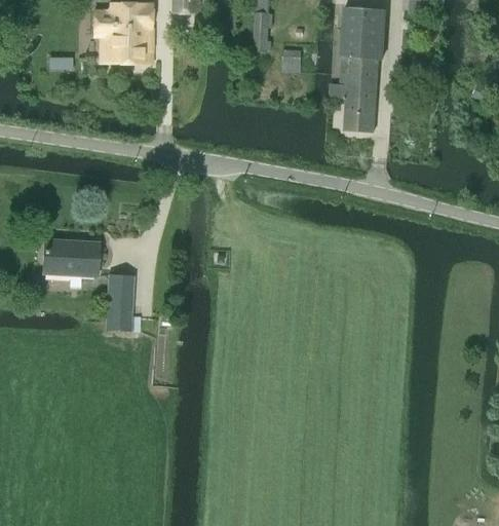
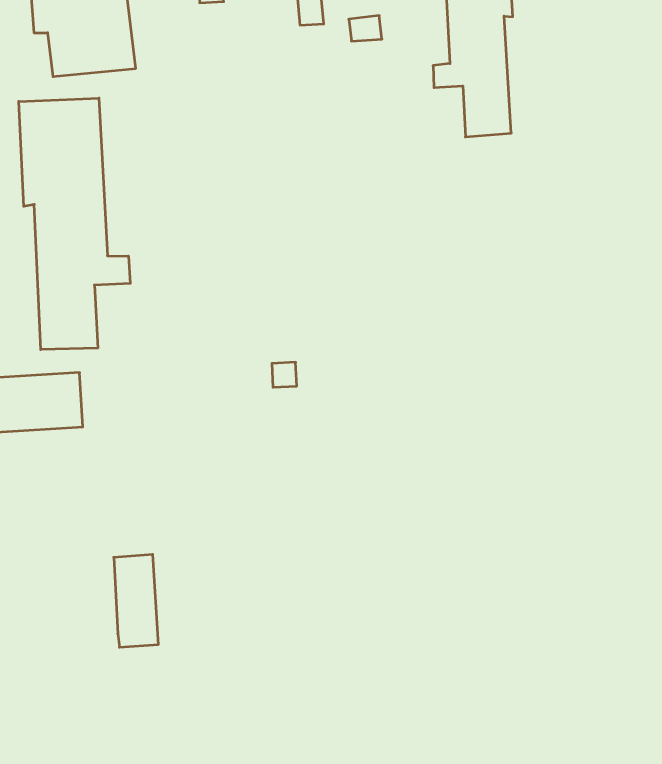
building: none -> [19,98,130,350]
building: [106,275,132,331] -> [114,554,158,647]

